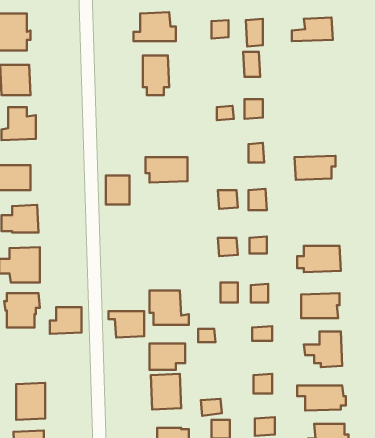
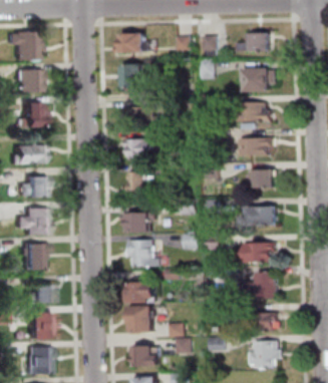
building: none -> [245,67,269,91]
building: none -> [236,103,270,123]
building: none -> [124,107,152,126]
building: [106,175,130,204] -> [127,173,145,196]
building: none -> [255,168,274,189]
building: [50,307,81,334] -> [23,284,47,304]
building: [108,311,144,338] -> [122,214,149,234]

